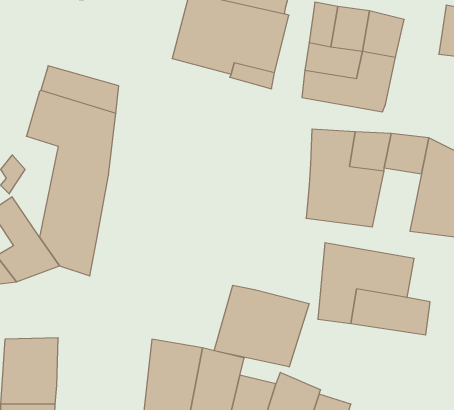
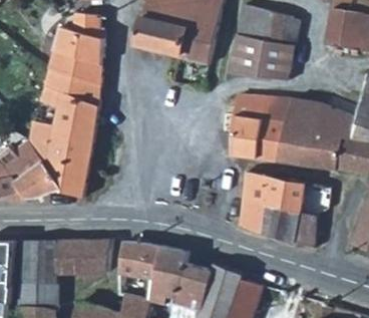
building: none -> [52,26,104,63]
building: none -> [278,120,312,165]
building: [214,285,309,367] -> none
building: none -> [58,238,109,272]

